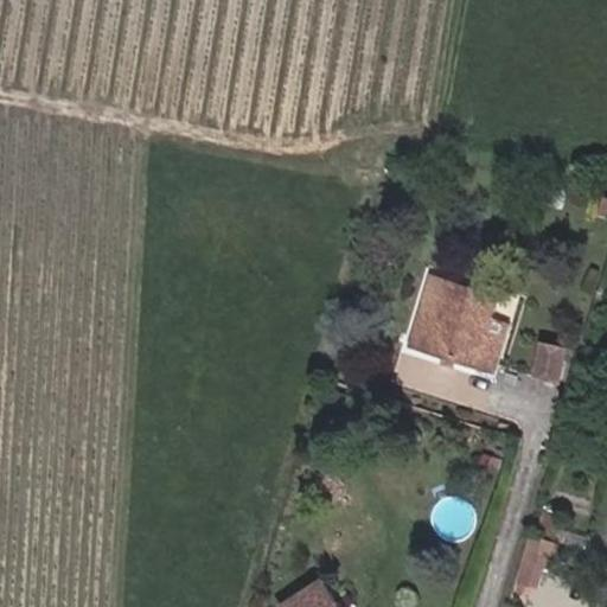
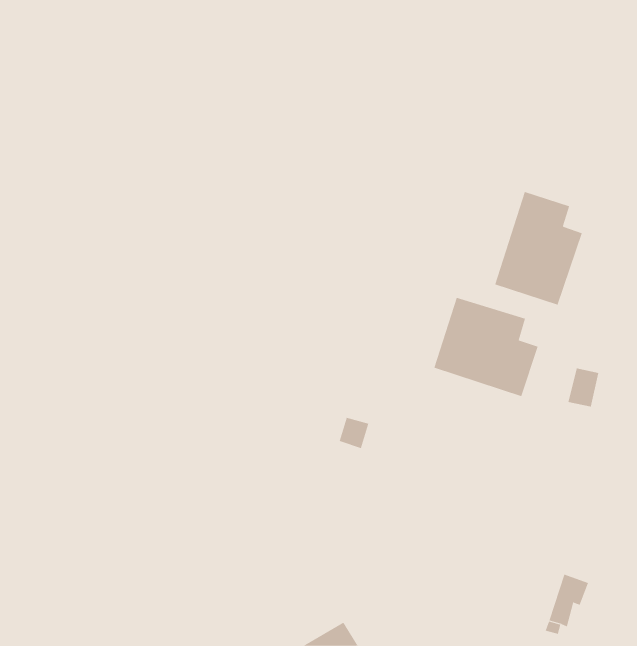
building: none -> [495,191,582,306]

